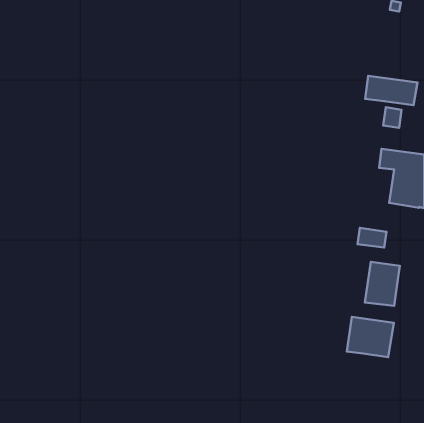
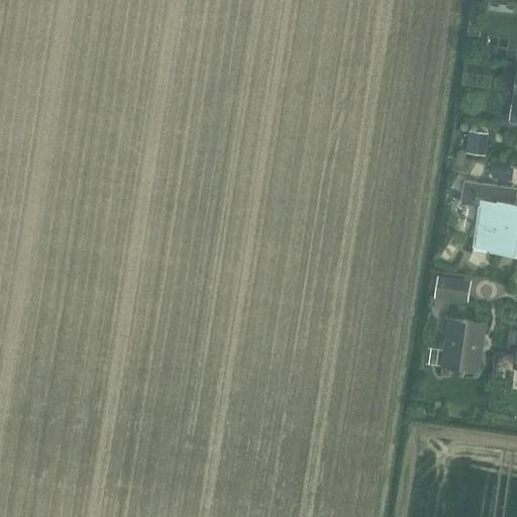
building: [365,76,418,105] -> none
building: [347,317,394,357] -> none

